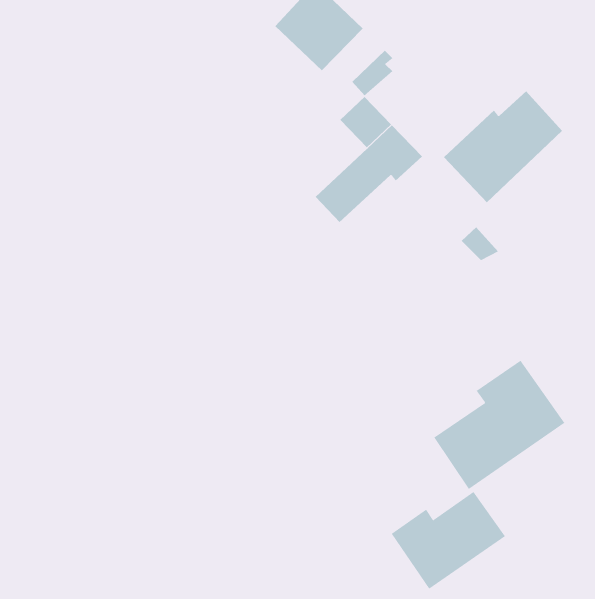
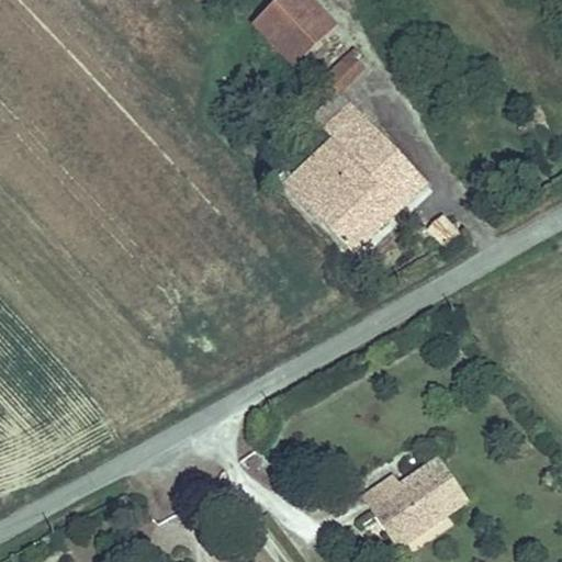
building: [443,91,563,203] -> [314,145,425,249]
building: [433,360,565,490] -> none

